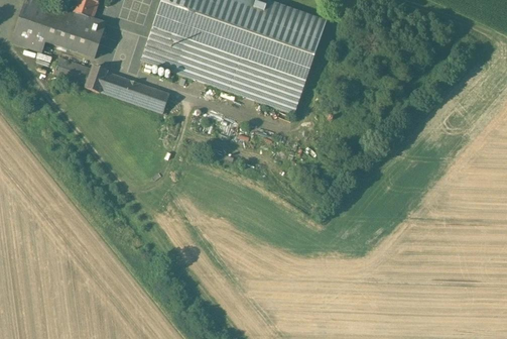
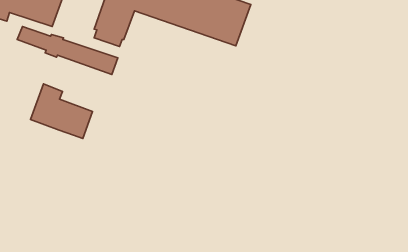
building: [176,37,305,112] -> none
building: none -> [30,84,92,138]

